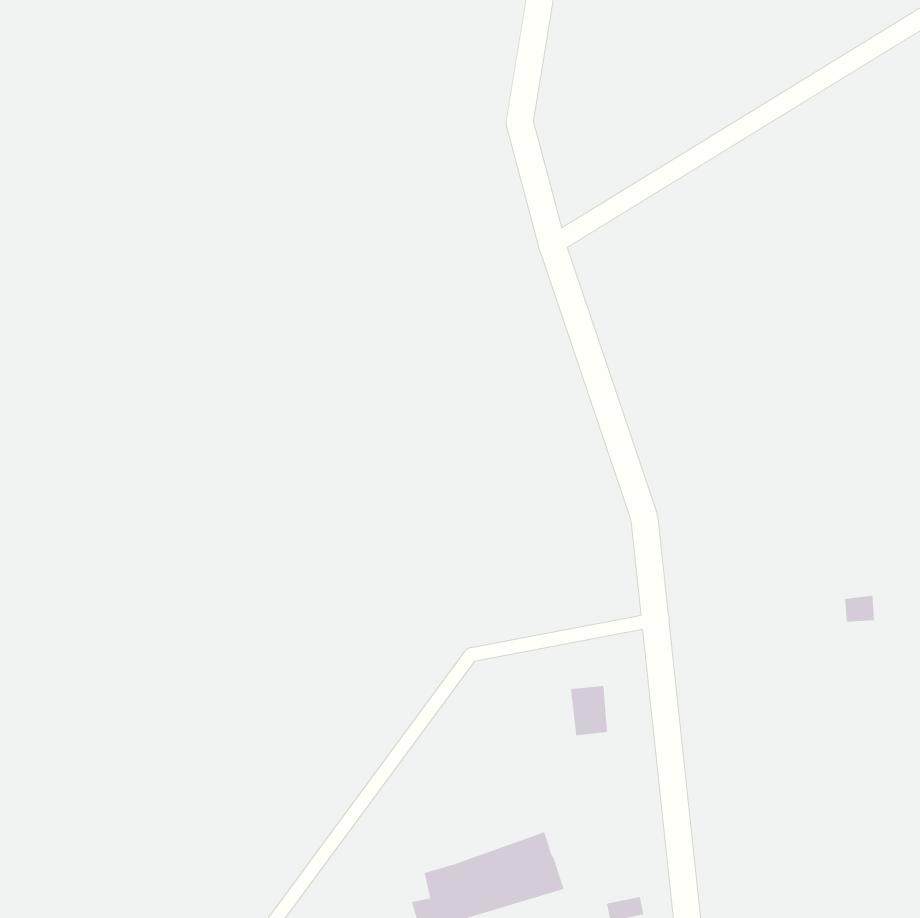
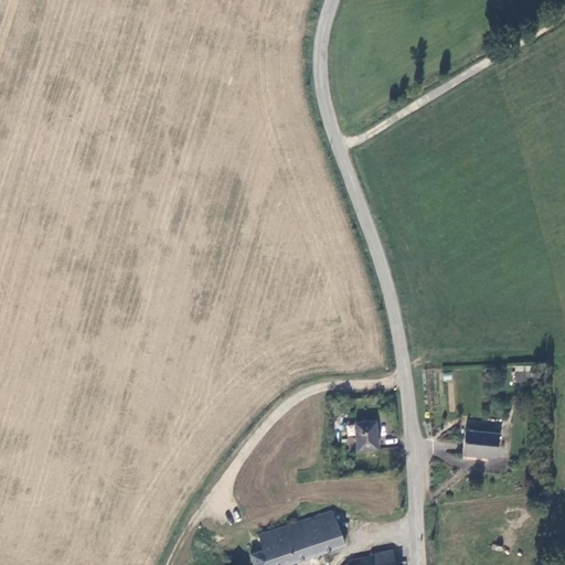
building: none -> [461,431,499,457]

